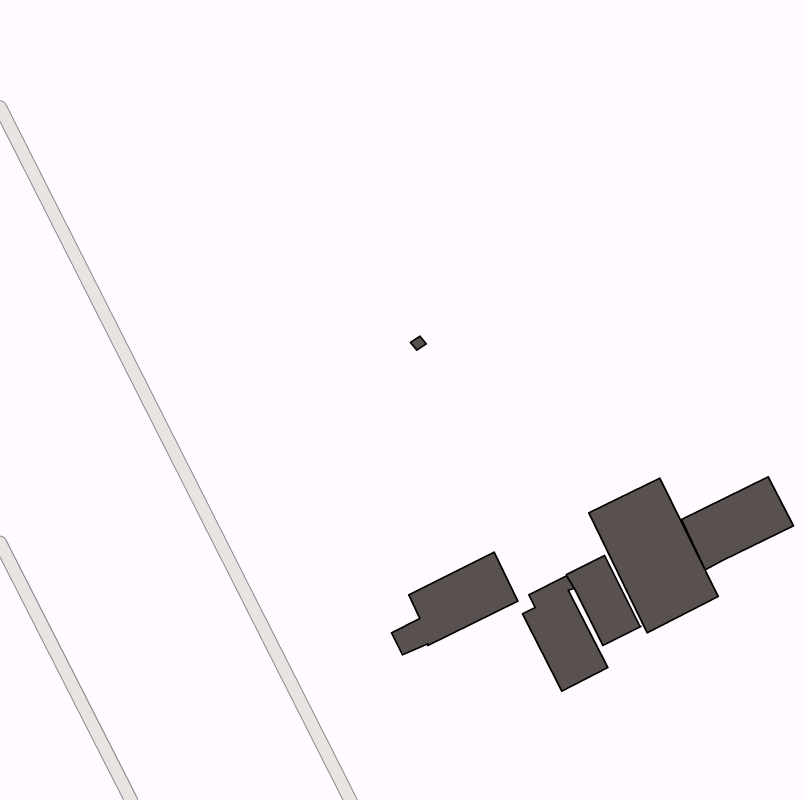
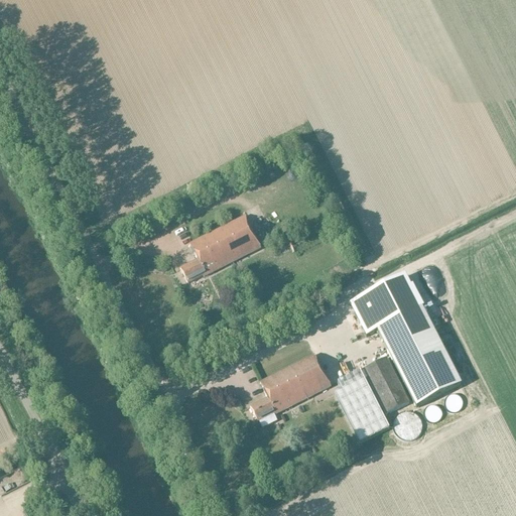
building: none -> [180,214,261,280]
building: [681,477,793,570] -> [351,274,422,334]

